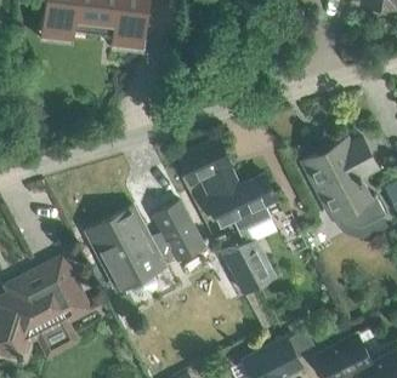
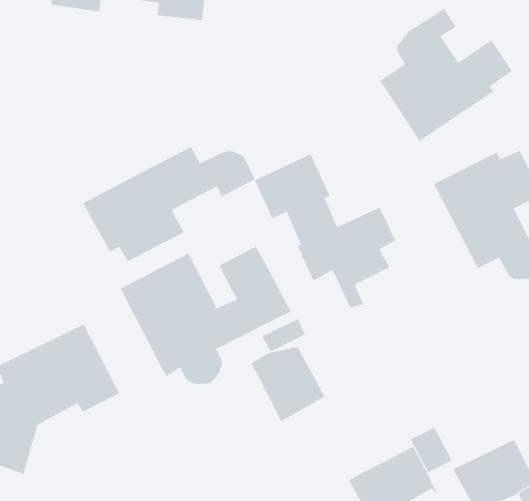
building: none -> [379,8,512,142]
building: none -> [83,146,256,262]
building: [225,242,276,293] -> [251,347,325,422]

